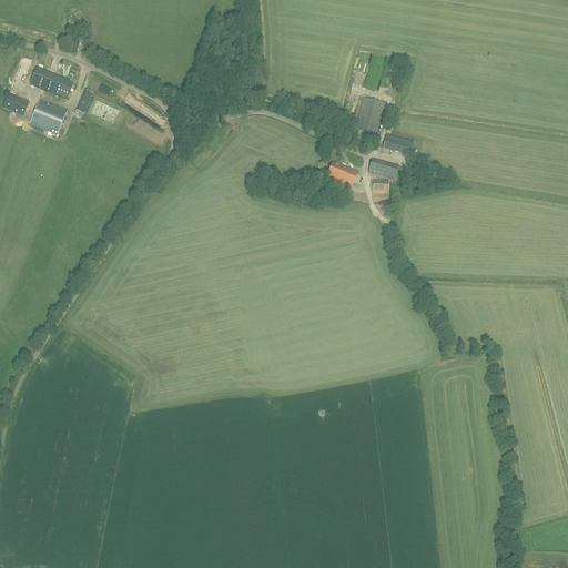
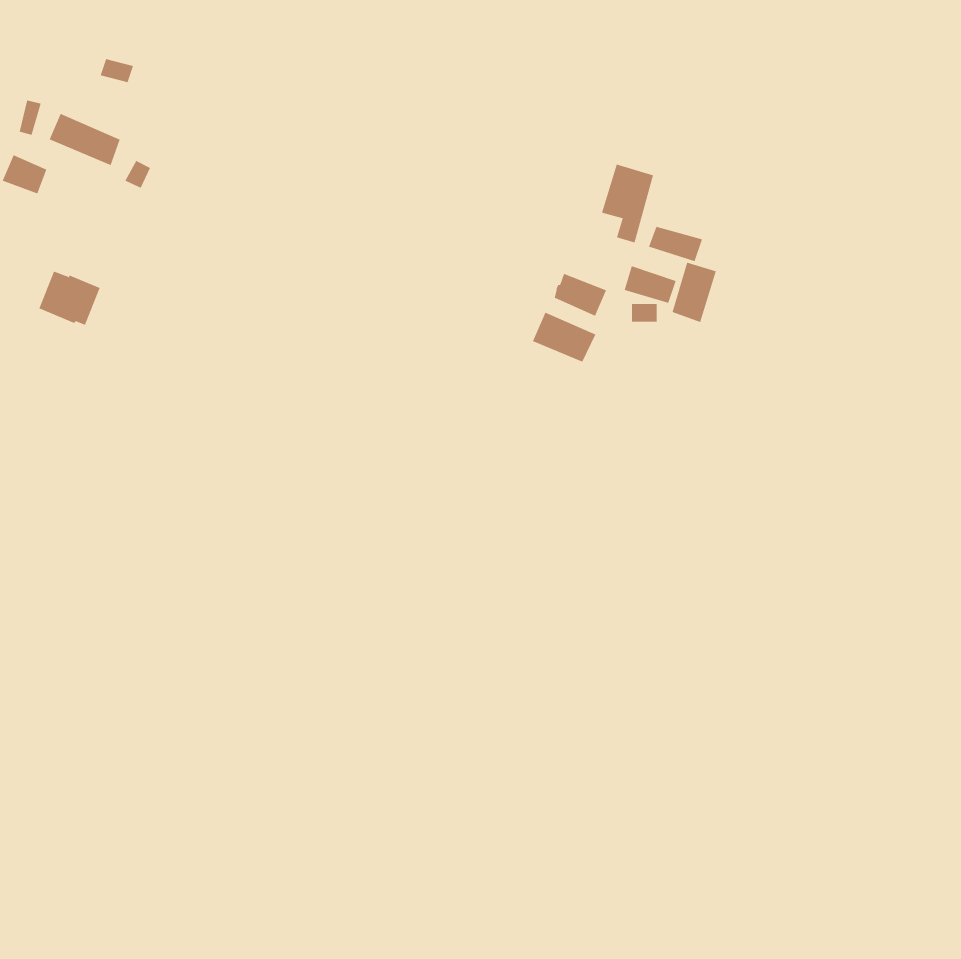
building: [29,100,65,132] -> [38,271,101,326]
building: none -> [672,262,717,323]
building: none -> [532,312,596,362]

